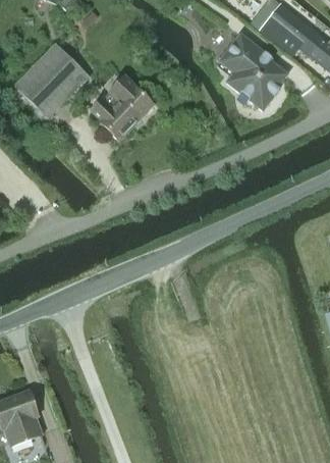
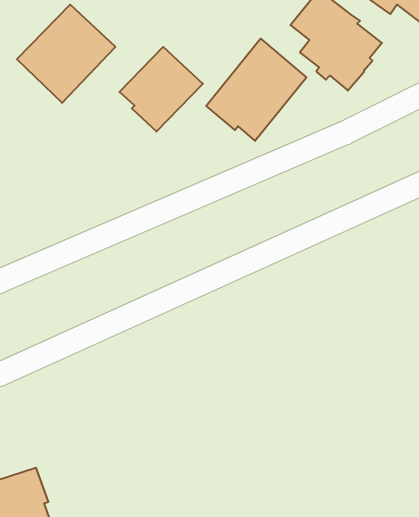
building: none -> [206,39,306,141]

